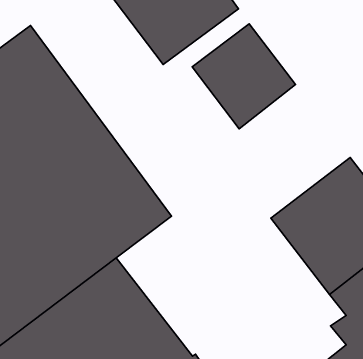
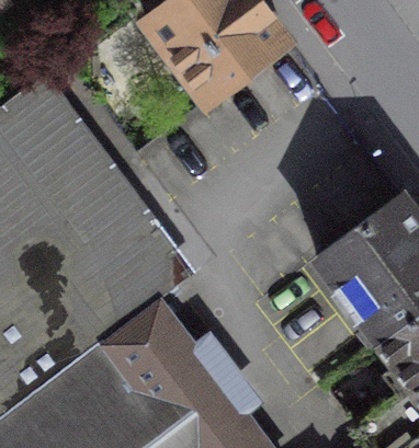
building: [192,24,296,129] -> none

